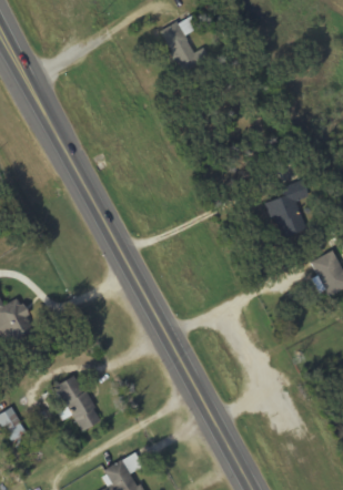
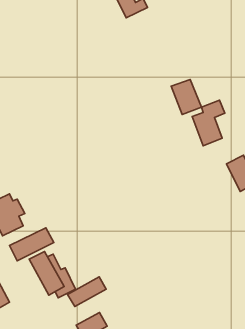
building: none -> [171,80,202,115]
building: none -> [9,228,54,261]
building: none -> [67,277,106,306]

